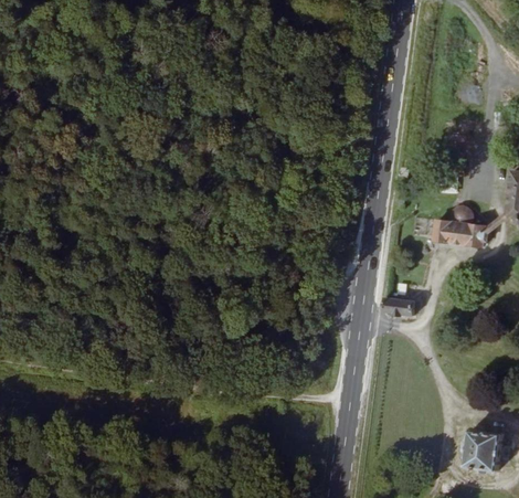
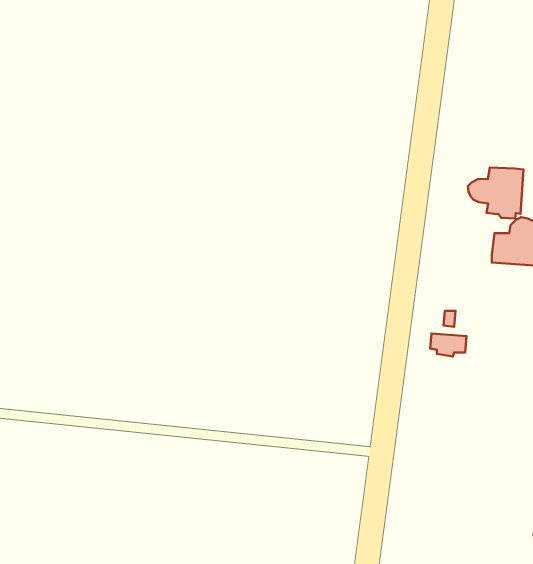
building: none -> [468,168,524,218]

